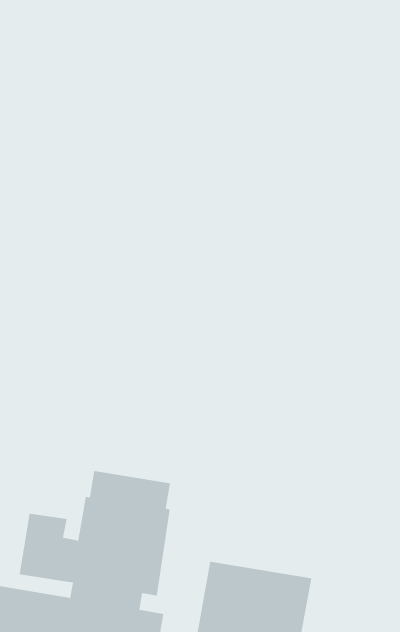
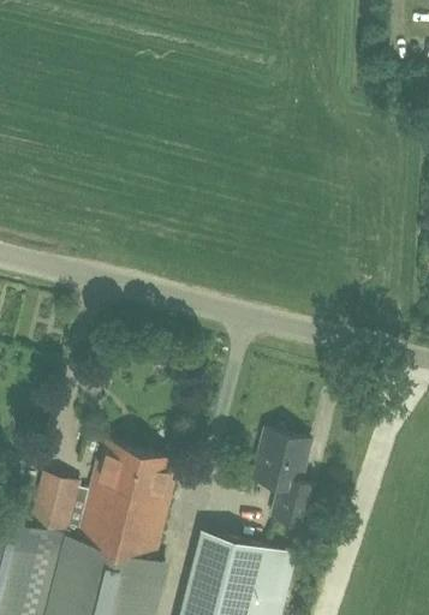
building: none -> [252,430,317,525]

